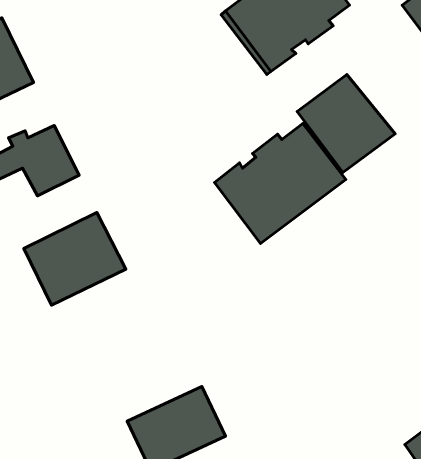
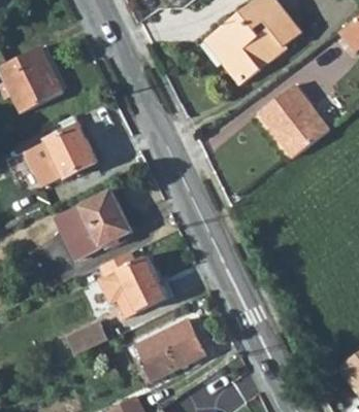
building: [215,124,346,243] -> none
building: none -> [101,251,166,316]
building: none -> [63,319,107,356]

